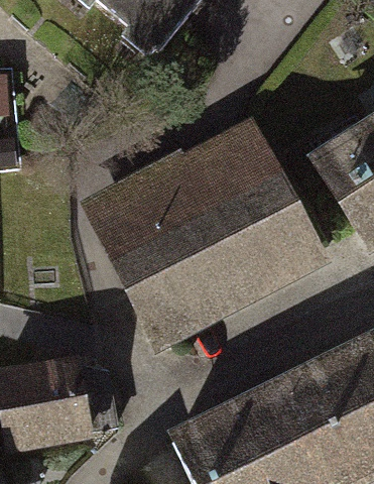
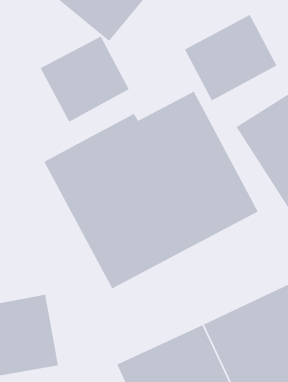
building: none -> [184,14,278,101]
building: none -> [40,35,130,123]

